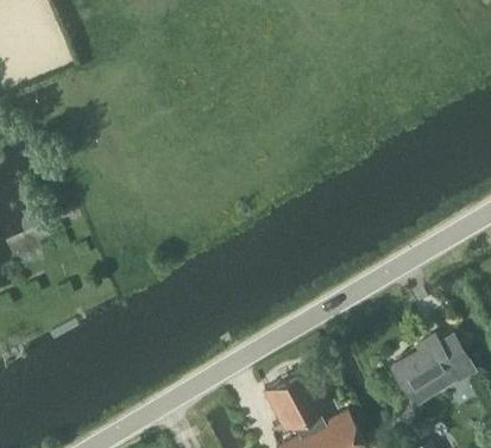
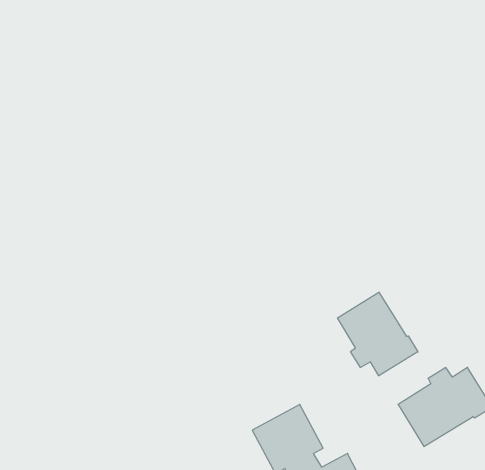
building: none -> [337,292,418,376]

